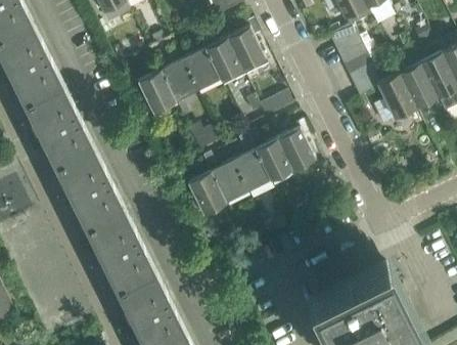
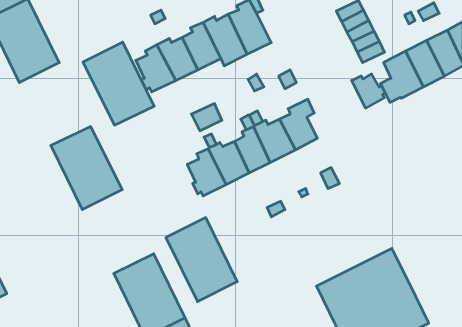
building: [22,85,92,166] -> [83,42,154,125]
building: none -> [352,74,385,108]
building: [84,209,153,291] -> [166,218,237,302]

